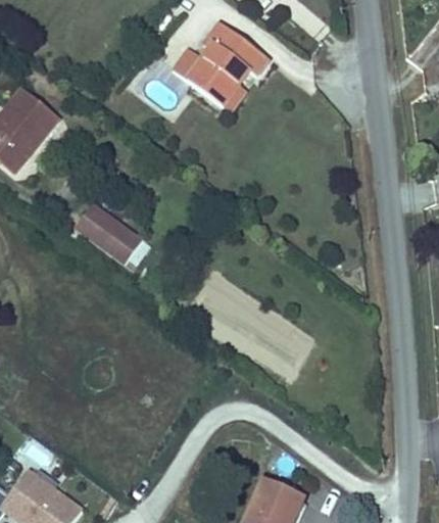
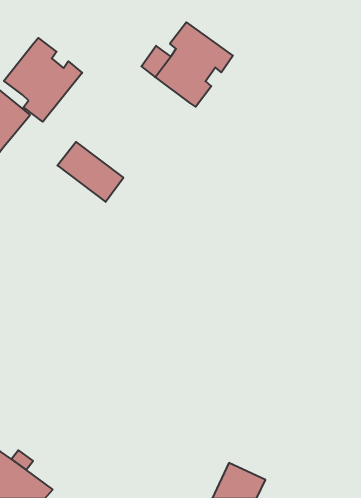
building: none -> [4,38,82,122]
building: [75,202,143,265] -> [57,142,123,202]

